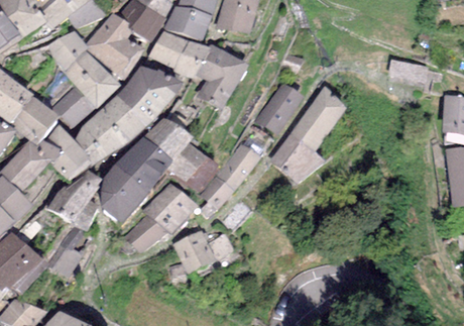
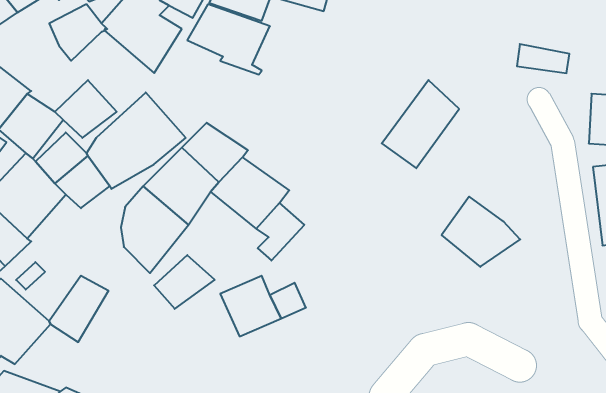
building: [195,43,247,109] -> none
building: [63,50,120,109] -> none
building: [117,66,183,128] -> none
building: [251,82,304,138] -> none
building: [269,132,327,184] -> [442,197,520,267]
building: [215,143,260,192] -> none
building: [45,171,101,231] -> none
building: [142,183,198,235] -> none

